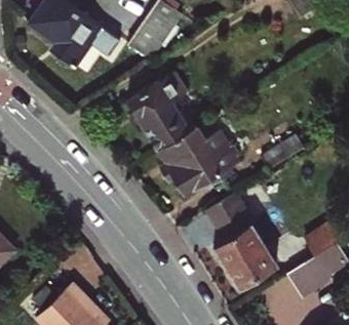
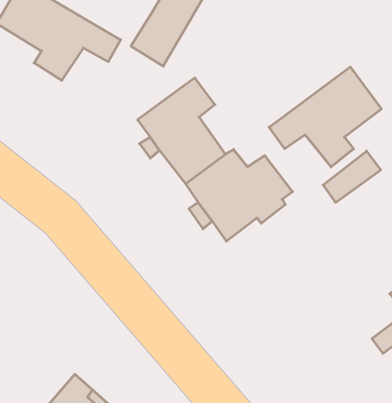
building: none -> [269,67,381,167]
building: [209,195,278,288] -> none

